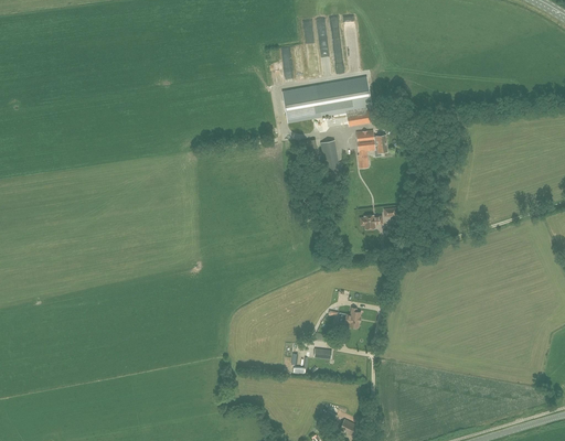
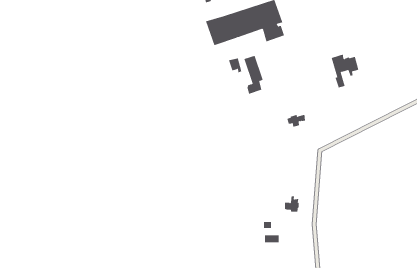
building: [356,128,387,166] -> [331,54,359,88]

